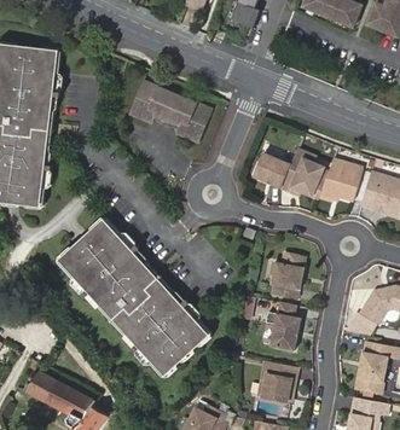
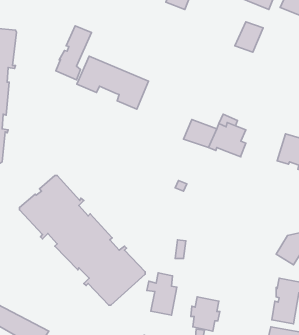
building: none -> [235,22,263,52]
building: none -> [56,26,91,80]
building: [318,159,363,203] -> none
building: [269,254,303,300] -> none
building: [265,302,300,351] -> [147,273,177,315]

